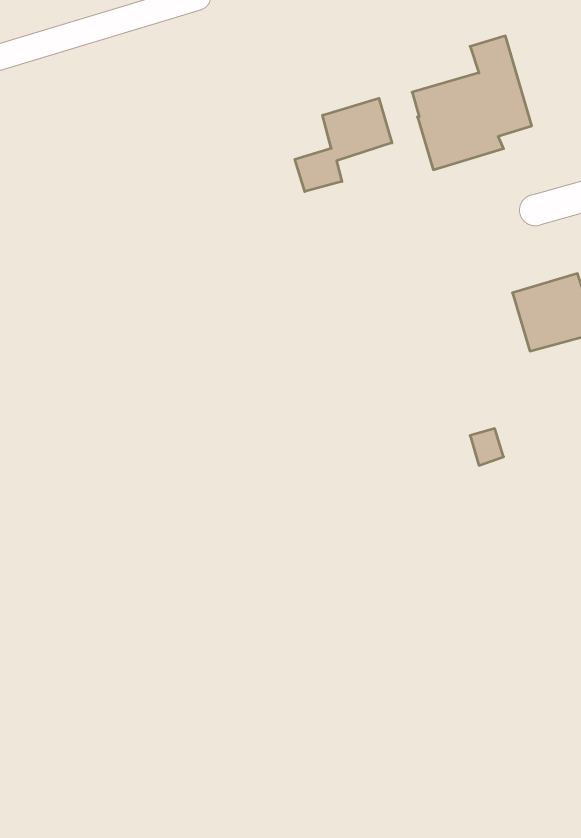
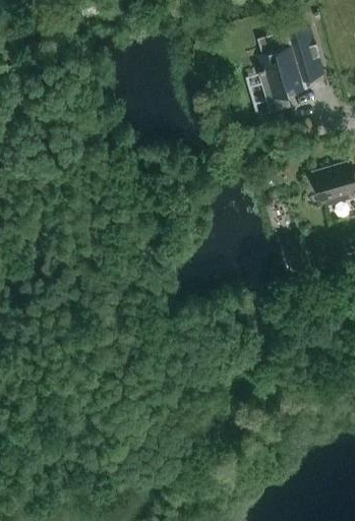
building: [295,98,392,192] -> none

